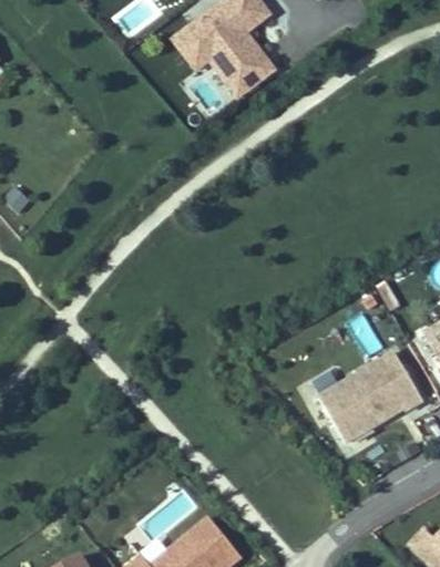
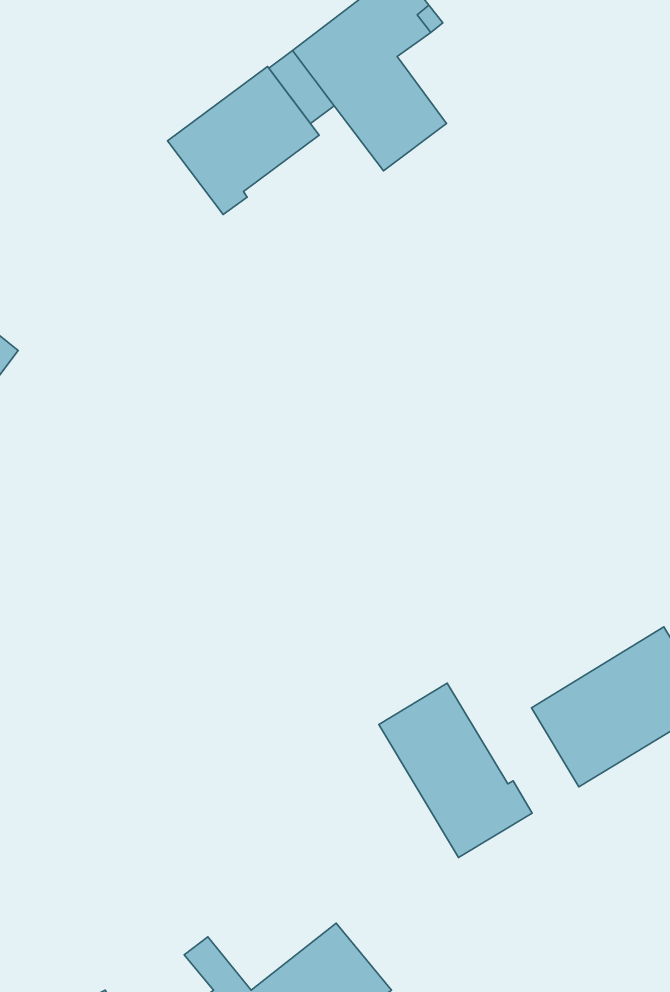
building: none -> [168,67,319,215]
building: none -> [379,683,532,858]

